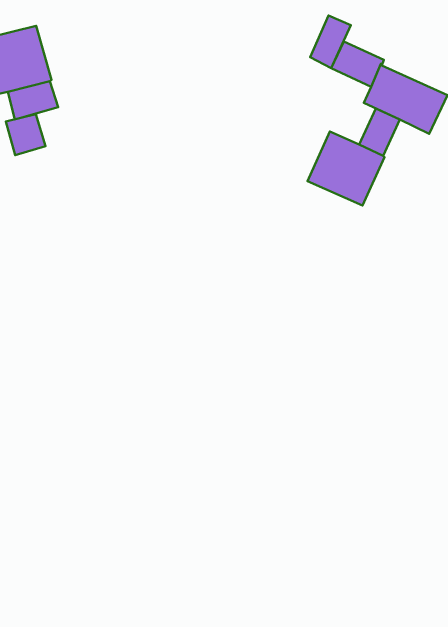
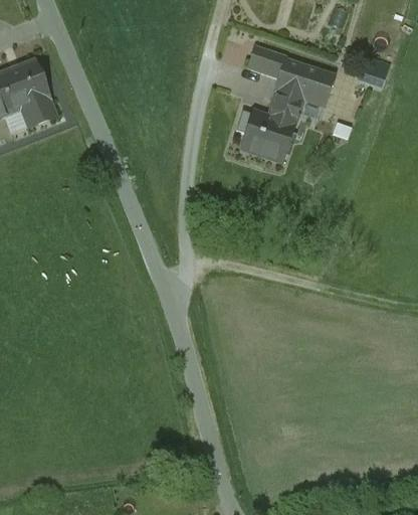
building: [310,16,351,68] -> none
building: [6,114,46,155] -> none

